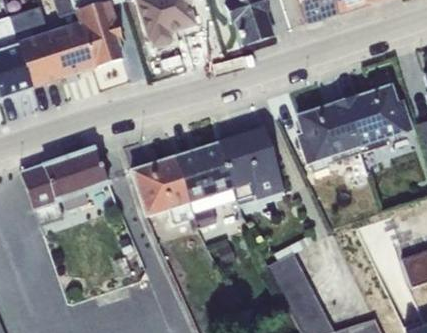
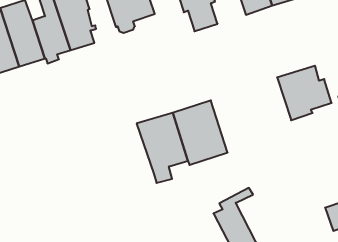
building: [298,100,361,172] -> none
building: [20,146,107,226] -> none
building: [132,156,195,224] -> none

